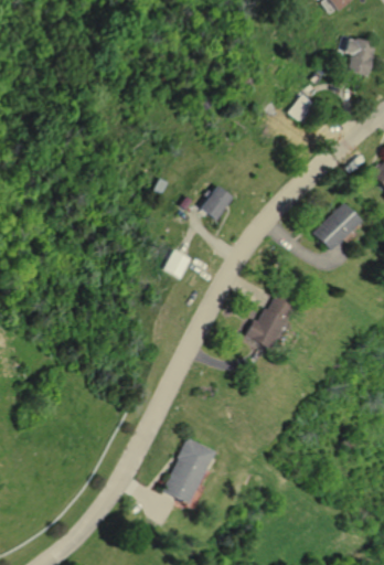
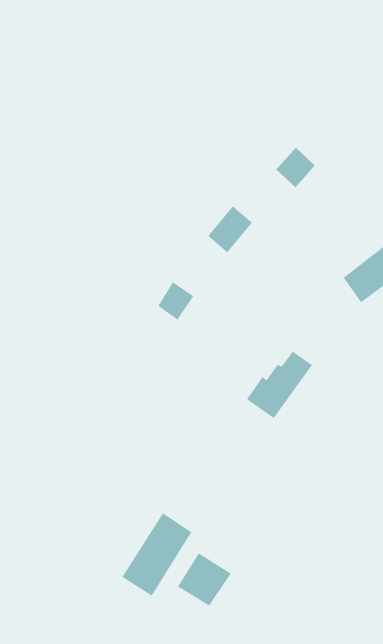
building: [290,93,322,126] -> [275,147,316,188]
building: none -> [177,552,231,606]

